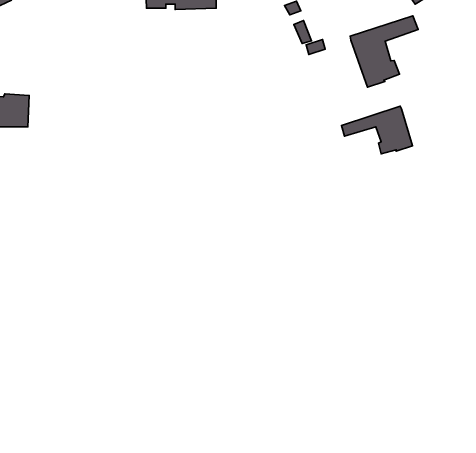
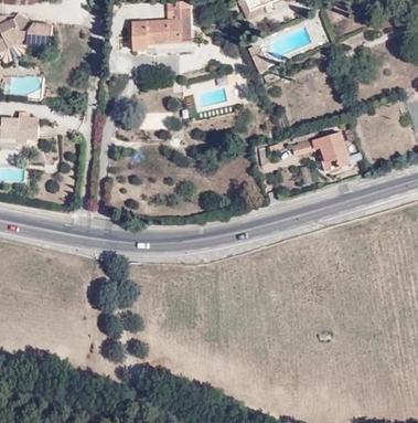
building: [350,16,418,87] -> none

